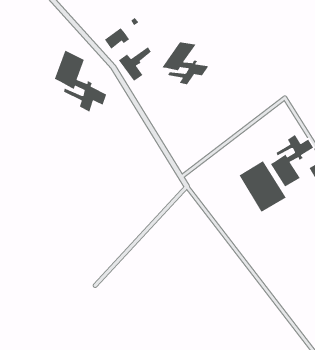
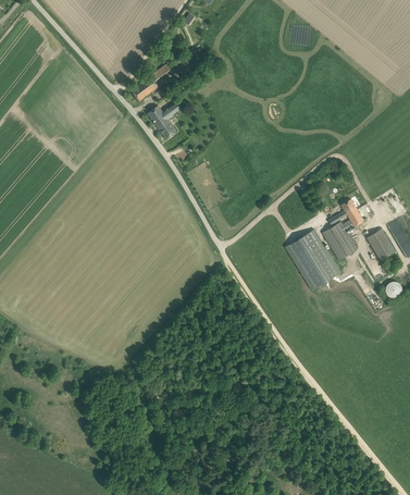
building: [161,42,209,85] -> none
building: [54,50,107,113] -> none

